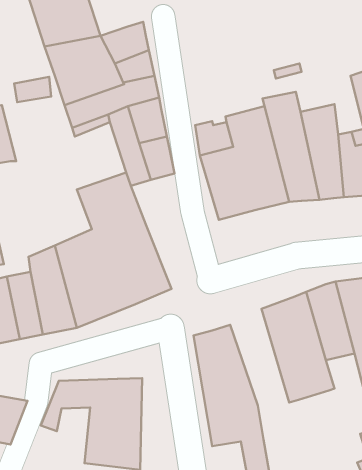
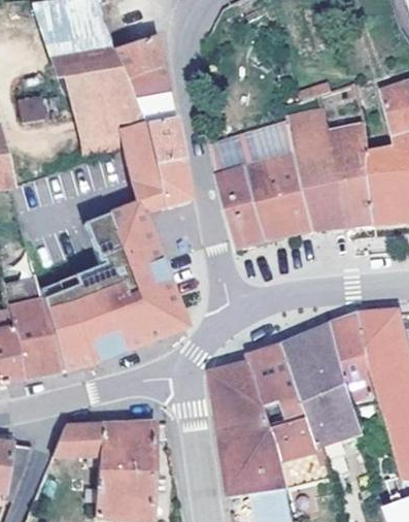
building: none -> [249,345,333,487]

